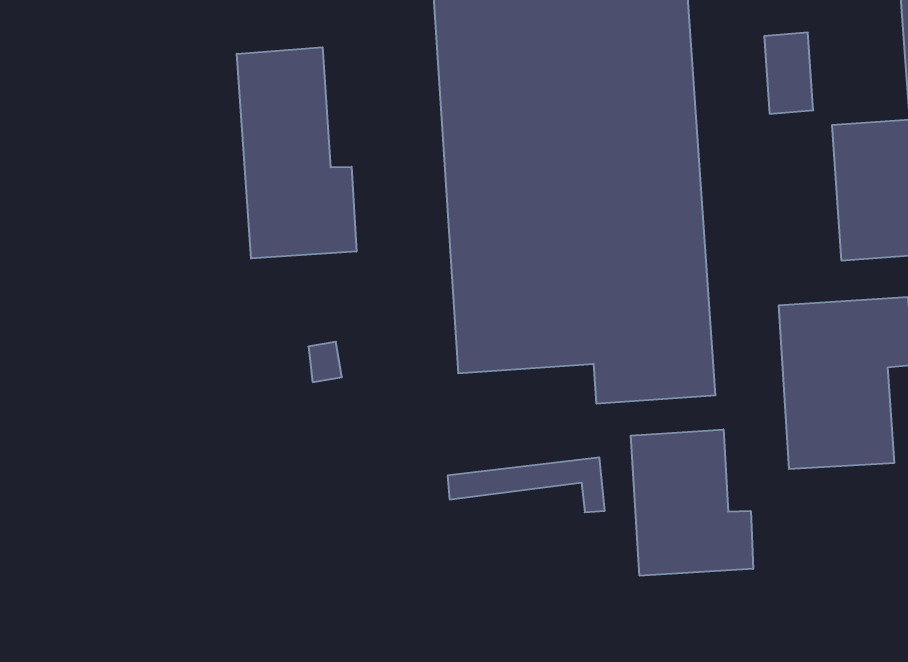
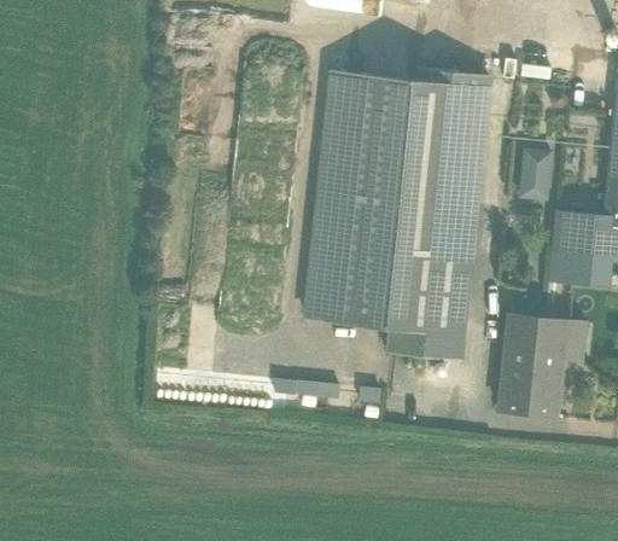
building: [237,47,356,259] -> none
building: [631,429,753,576] -> none

